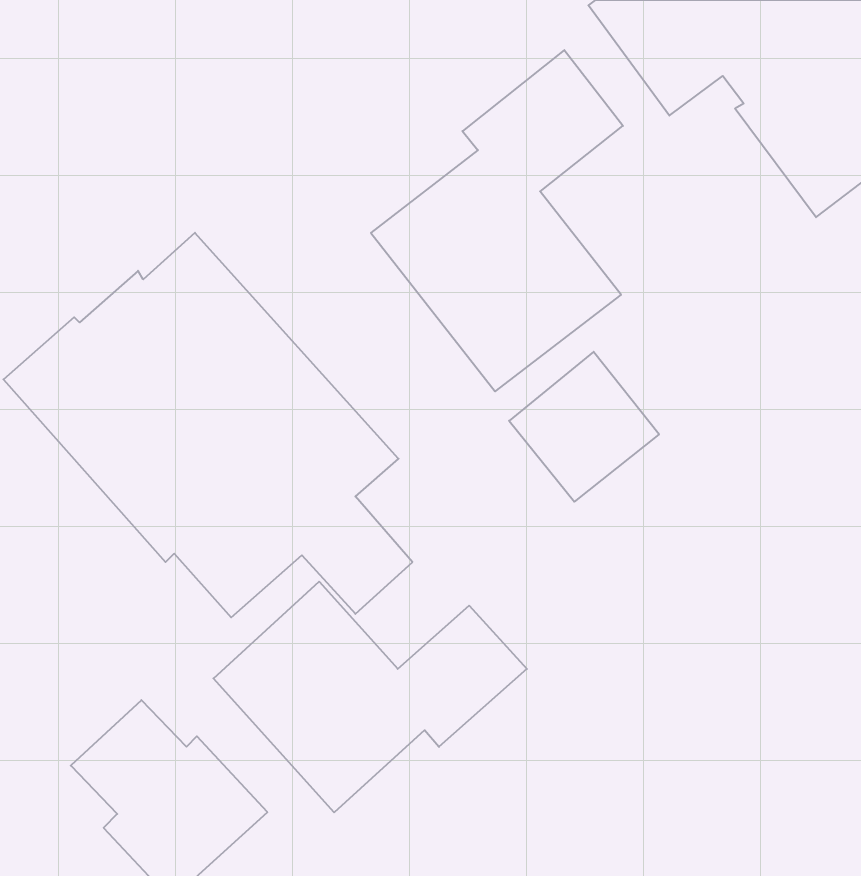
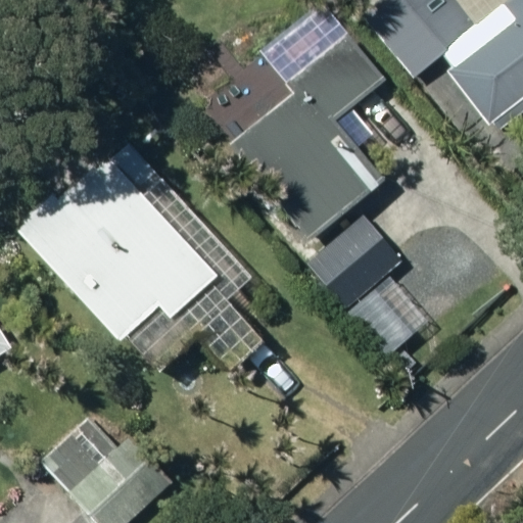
building: [213,582,527,812] -> none

